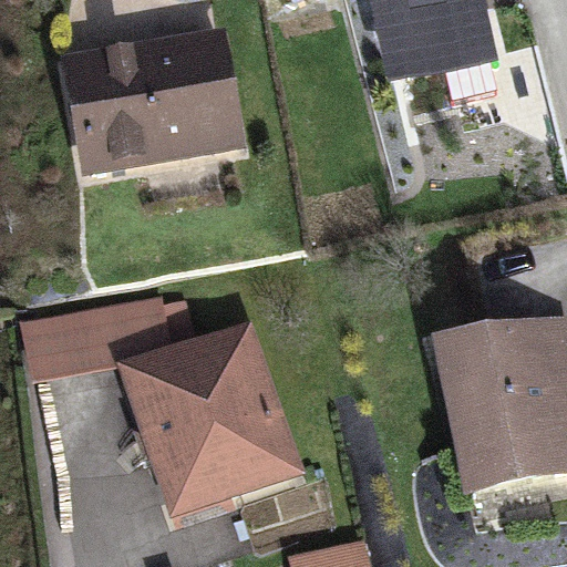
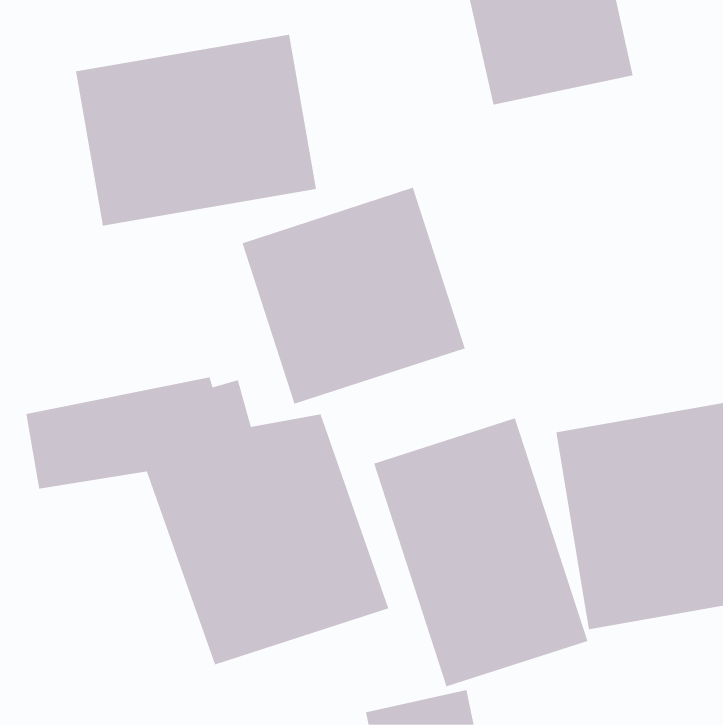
building: none -> [242,187,465,405]
building: none -> [373,417,588,687]

